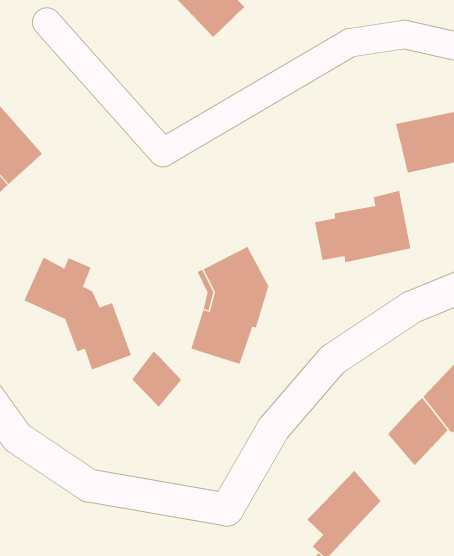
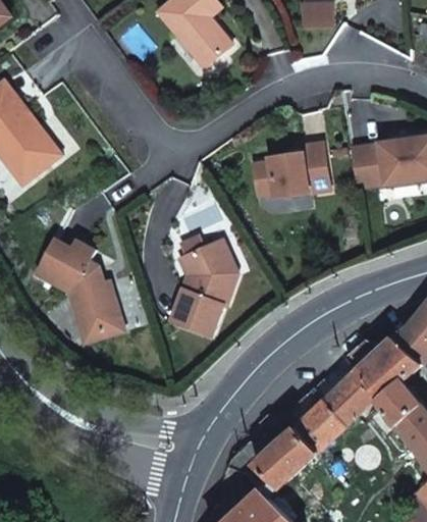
building: [314,190,411,263] -> [252,141,329,197]
building: [131,351,182,408] -> none
building: none -> [298,399,346,453]

